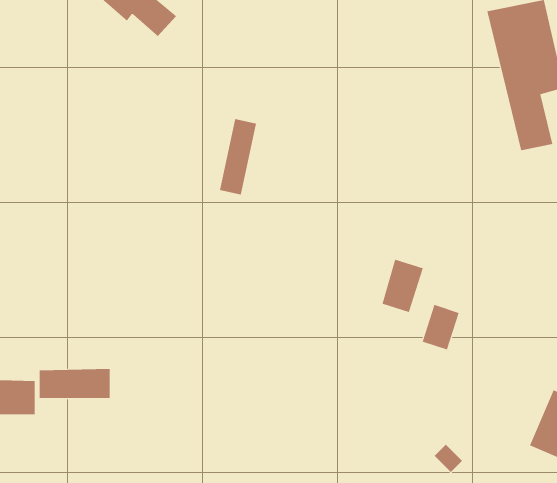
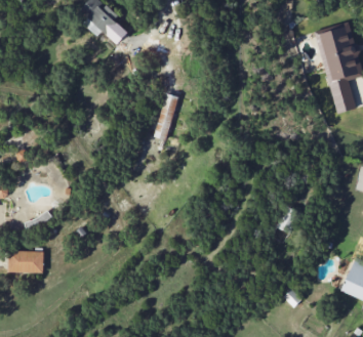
building: [382,259,423,313] -> none
building: [39,368,110,399] -> none

